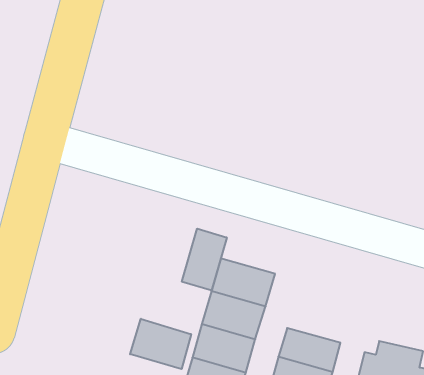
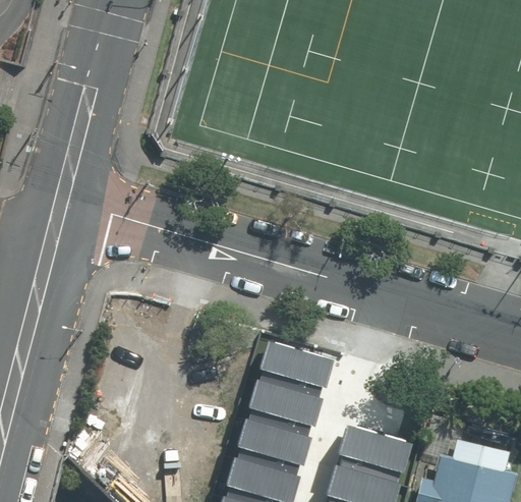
building: [182,229,227,291] -> none
building: [130,319,191,369] -> none

